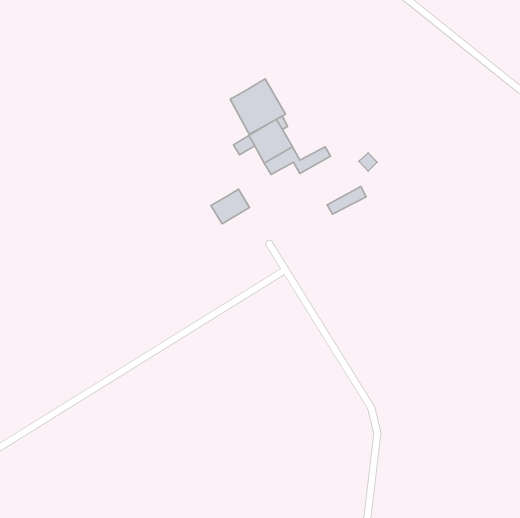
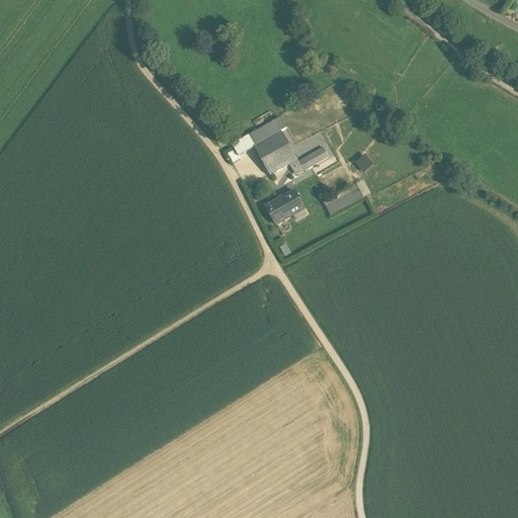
building: [230,79,285,134] -> none
building: [211,189,250,224] -> [265,188,304,223]

